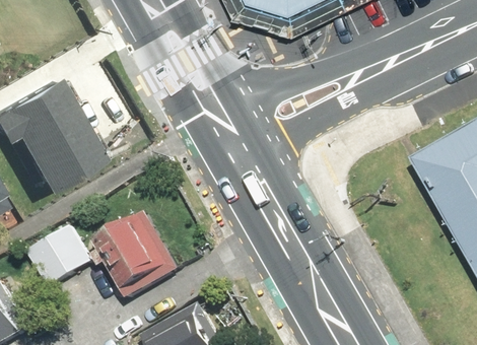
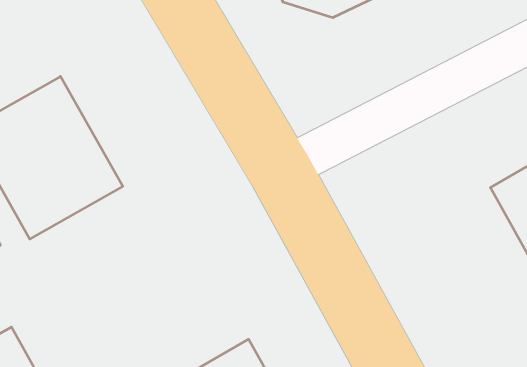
building: [96,204,182,293] -> none
building: [30,221,91,282] -> none

